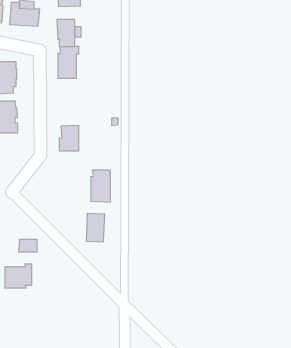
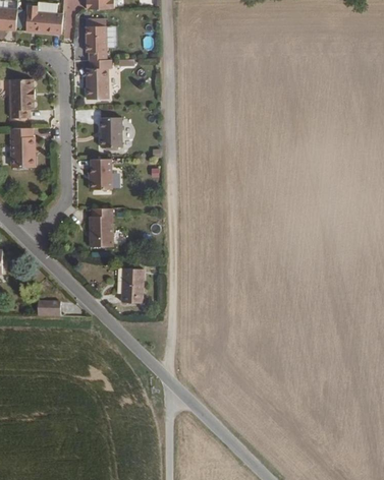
building: none -> [99,117,122,146]
building: [91,170,110,202] -> [88,207,112,247]
building: [5,264,31,288] -> none

